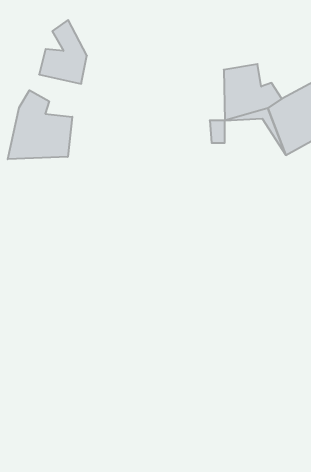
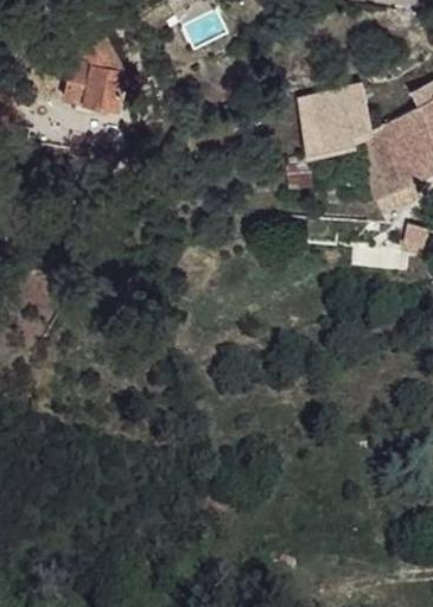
building: [8,90,72,159] -> none

